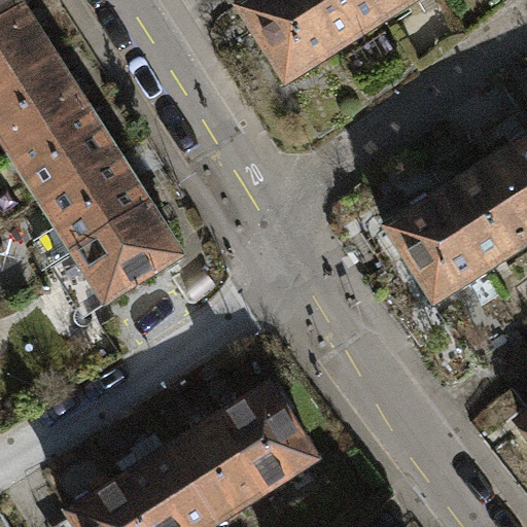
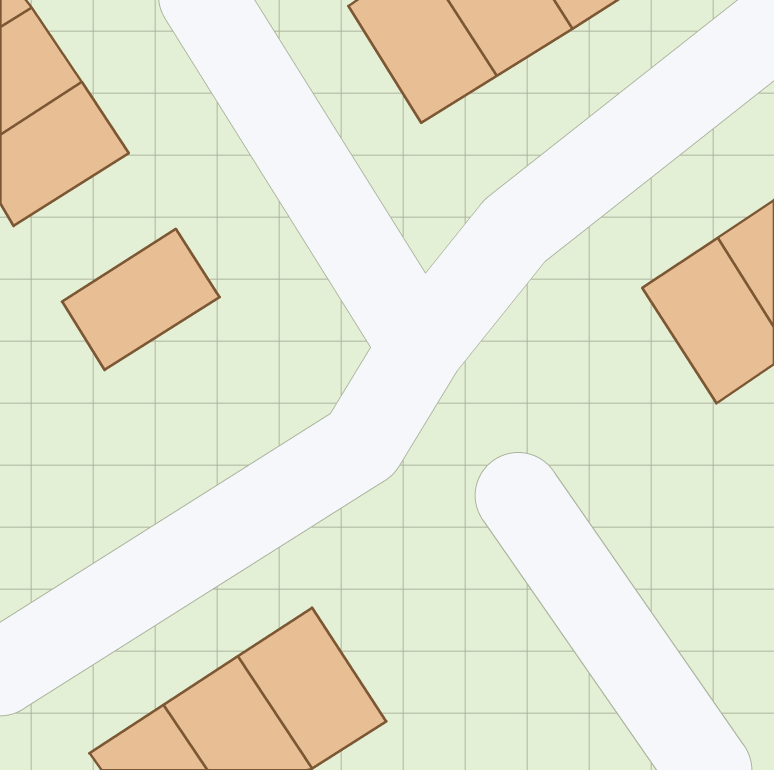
building: [9,104,119,205] -> none
building: [384,196,487,307] -> none
building: [71,202,184,303] -> none
building: [212,380,313,490] -> none

